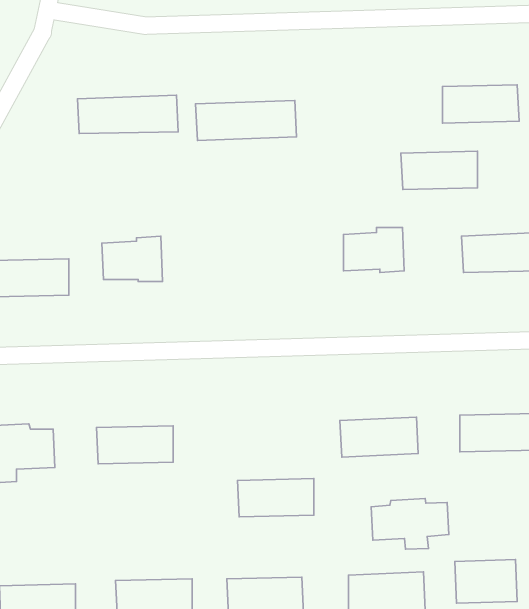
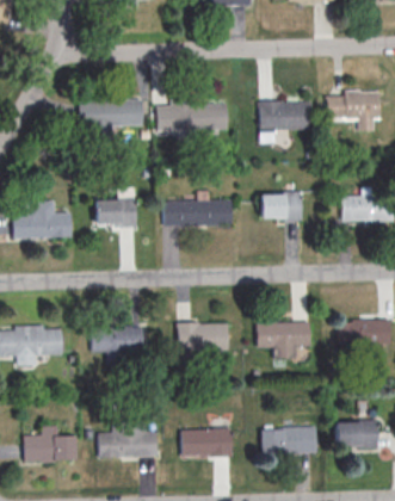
building: [401,151,478,190] -> [257,103,309,129]
building: none -> [162,200,232,227]
building: [237,479,314,517] -> [175,323,228,350]
building: [371,499,449,549] -> none

